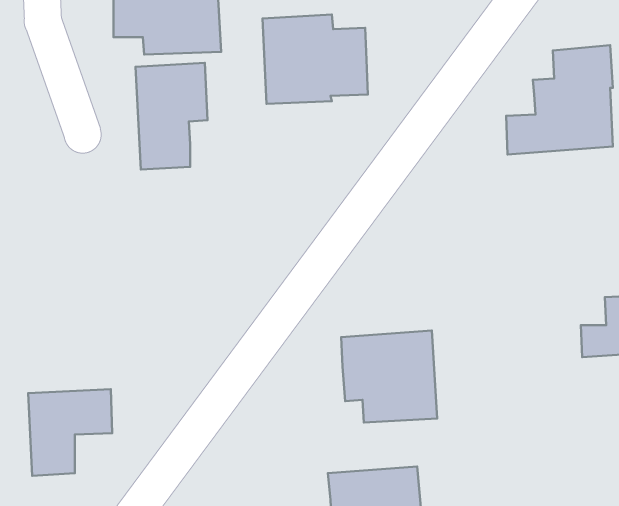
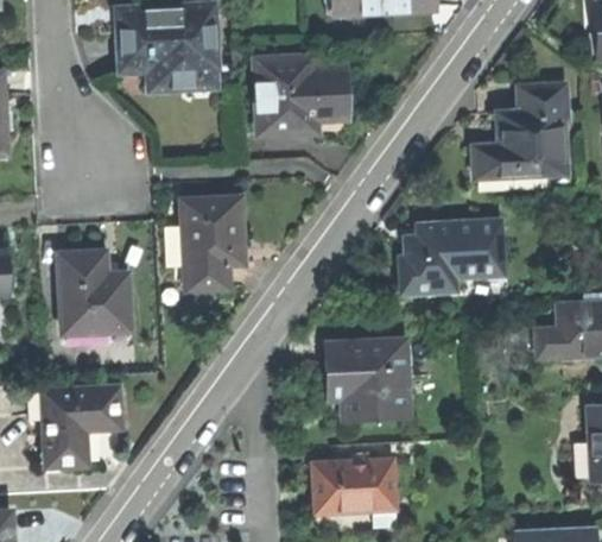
building: [135,63,207,169] -> [179,197,243,292]
building: none -> [398,214,501,290]
building: none -> [57,253,128,335]

